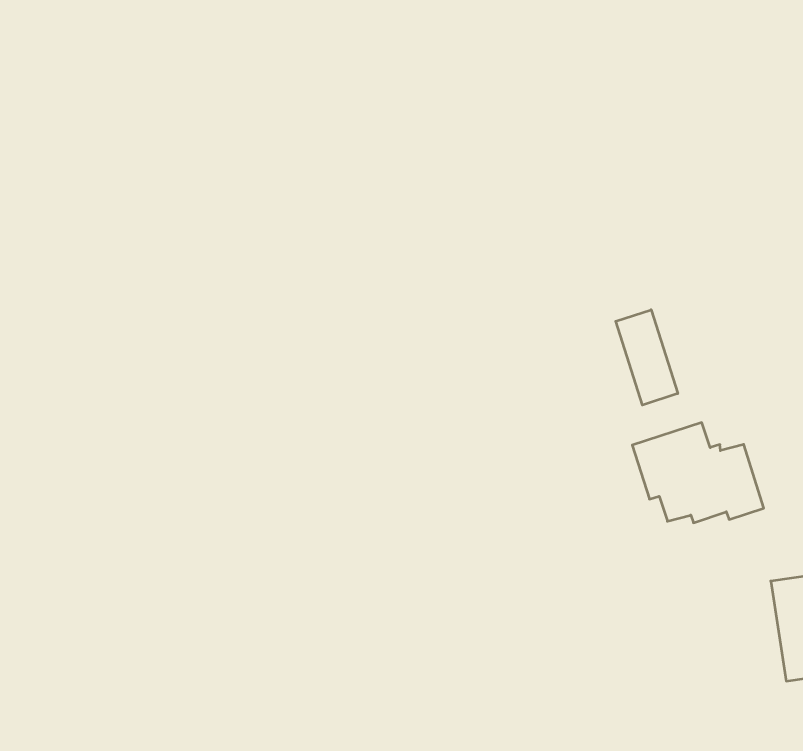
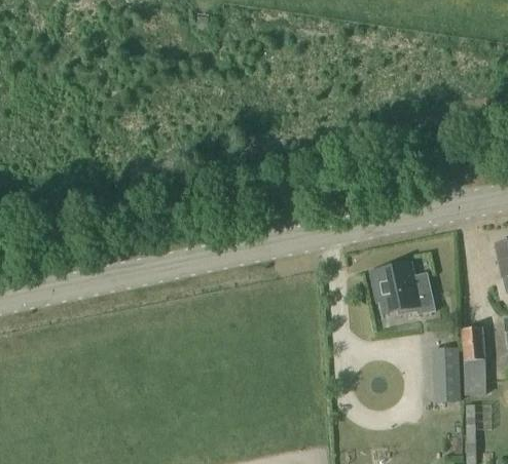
building: [616,310,678,405] -> none

